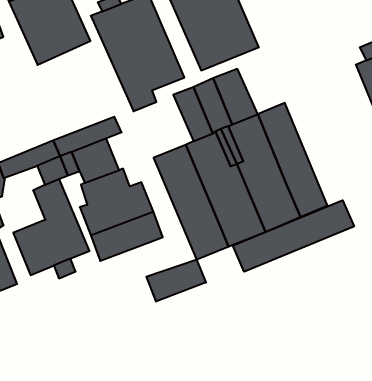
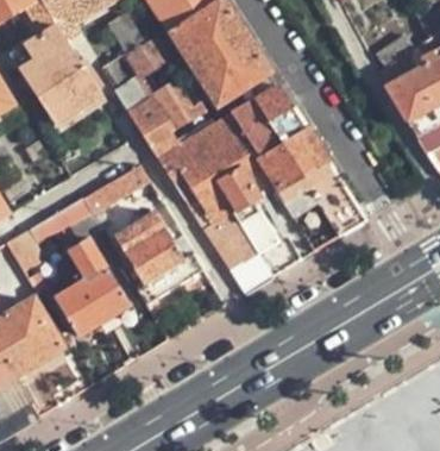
building: none -> [252,82,304,139]
building: none -> [156,133,220,199]
building: [233,200,354,272] -> none
building: [146,259,206,302] -> none

